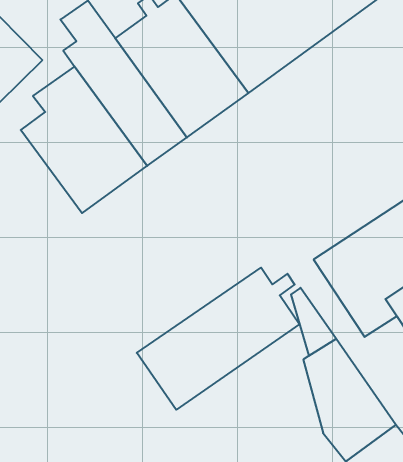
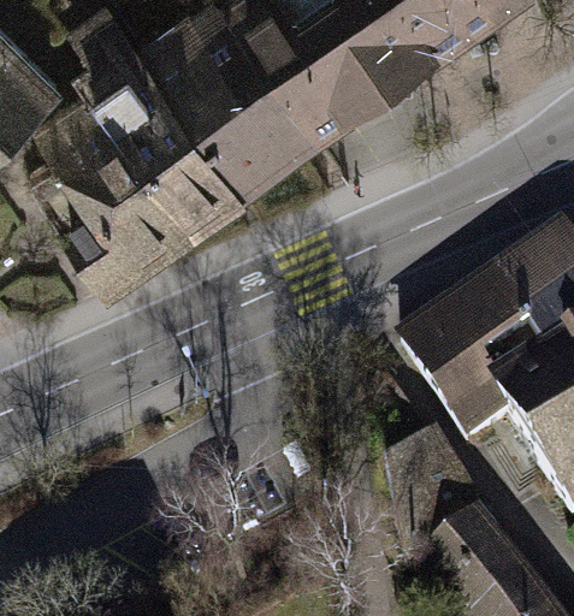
building: [137,268,300,410] -> none

